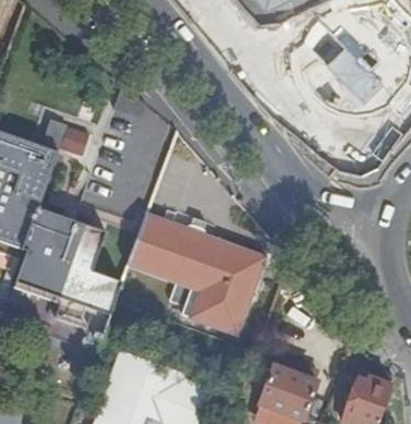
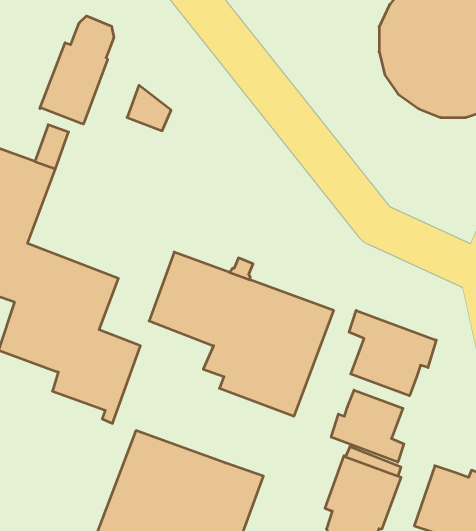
building: none -> [40,16,114,124]
building: none -> [349,310,436,396]
building: none -> [331,390,404,462]

